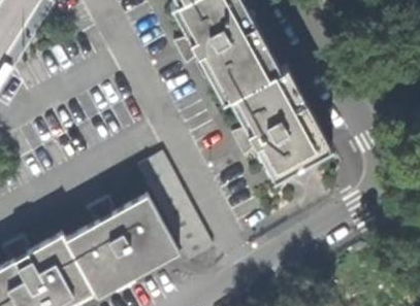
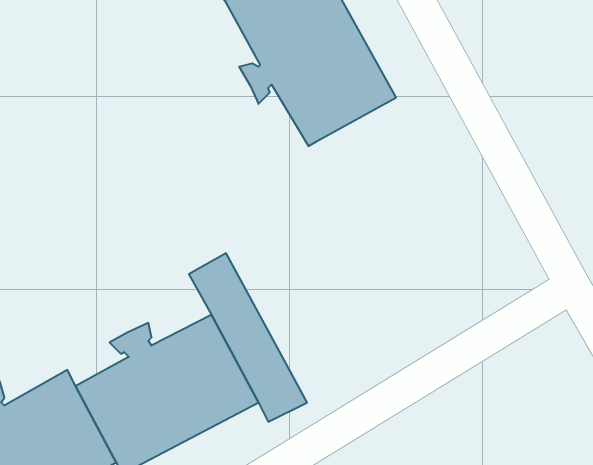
building: [227,60,327,173] -> none

